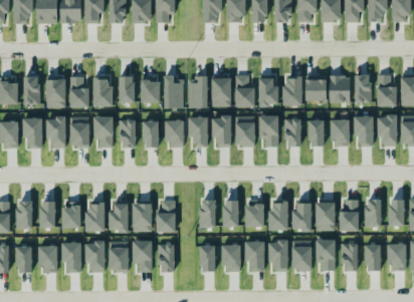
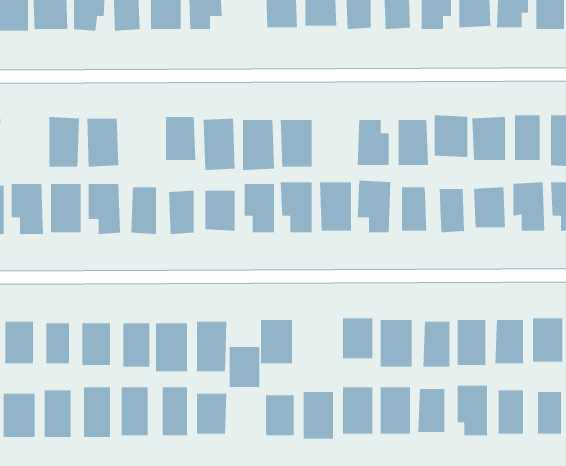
building: [118,75,134,102] -> none
building: [234,75,253,106] -> none
building: [45,77,64,106] -> none
building: [223,201,242,226] -> [229,347,260,388]

